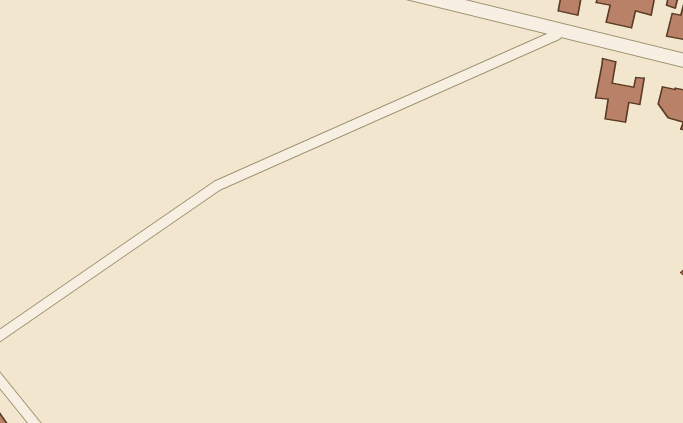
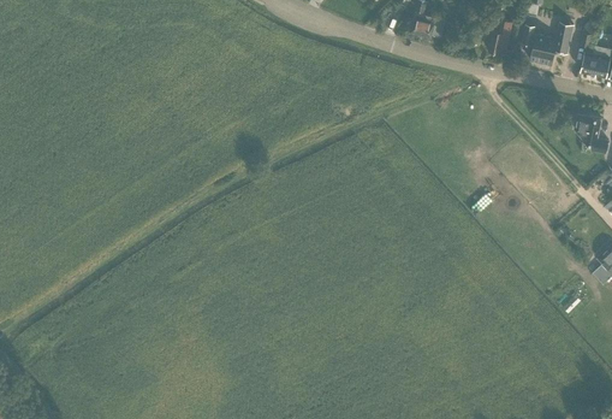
building: [595,59,644,122] -> none

